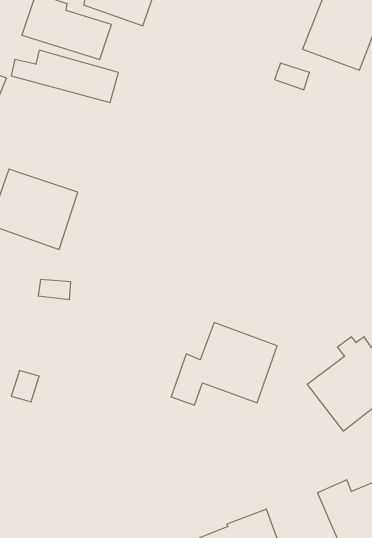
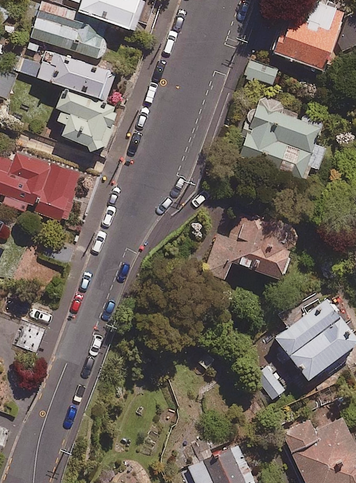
building: none -> [53,93,116,149]
building: none -> [241,98,324,177]
building: [171,322,277,405] -> [205,210,296,281]

